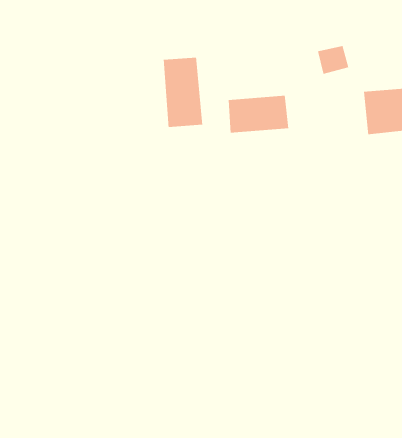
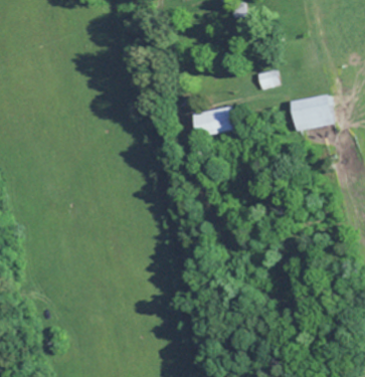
building: [163,57,203,128] -> none

